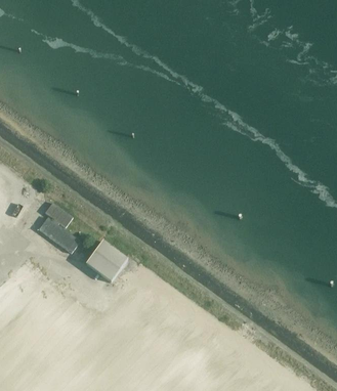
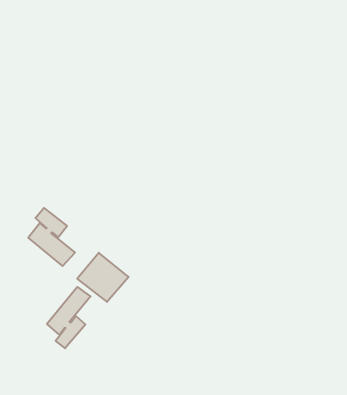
building: none -> [47,287,91,348]

